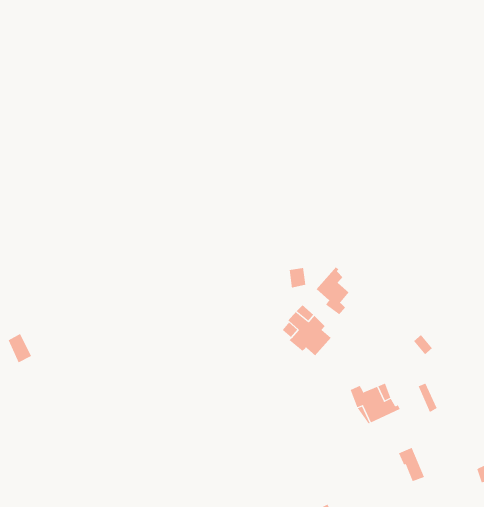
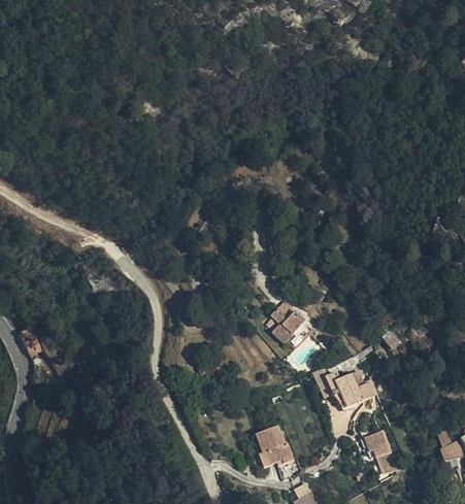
building: [316,266,349,315] -> none
building: none -> [252,425,292,467]

